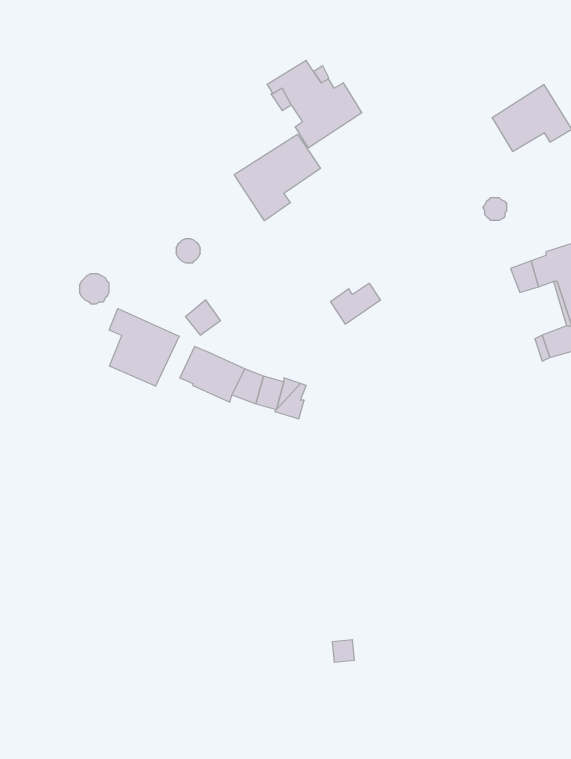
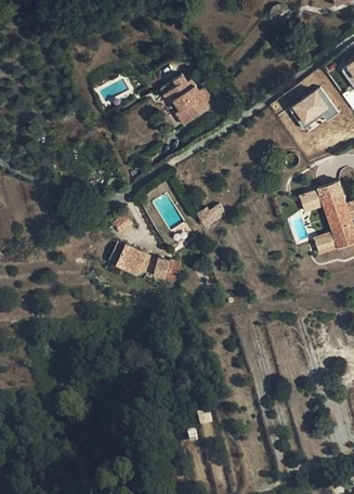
building: [234,134,320,221] -> none
building: [109,309,179,386] -> none

